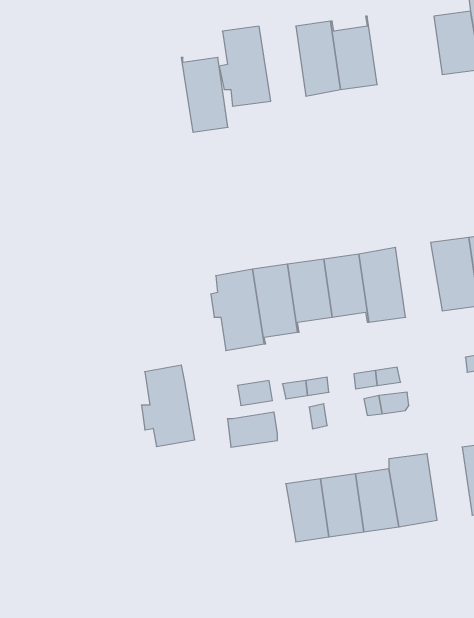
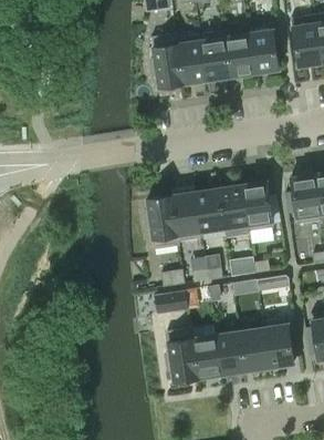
building: none -> [248,24,279,73]
building: [181,57,228,132] -> [176,34,207,84]
building: [141,365,195,447] -> [165,328,200,382]

